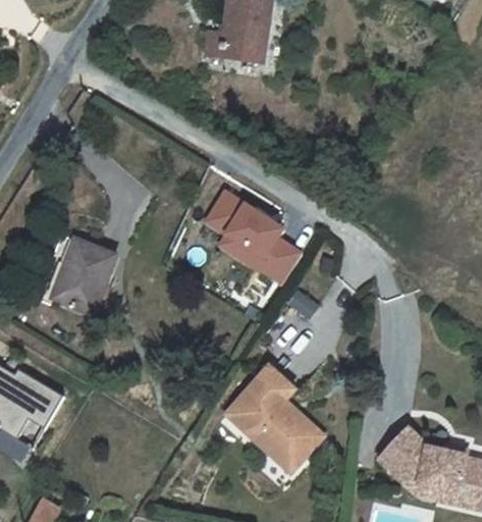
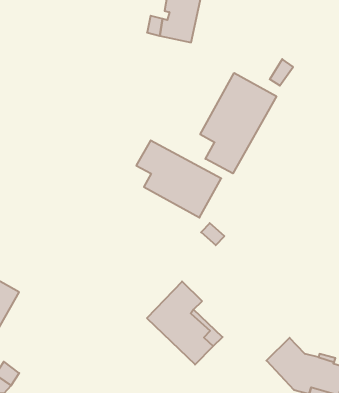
building: none -> [200,73,276,173]
building: [52,241,116,315] -> none

